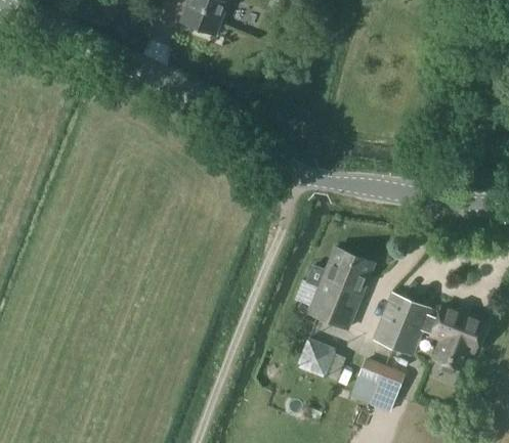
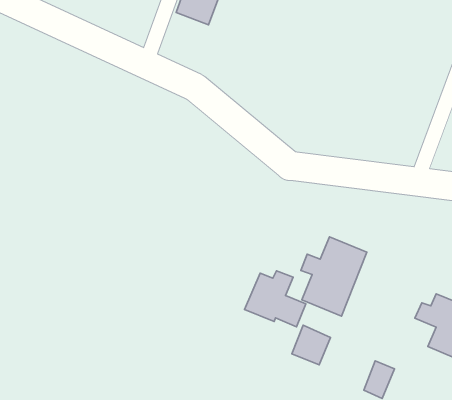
building: none -> [244,271,306,327]
building: [375,293,431,354] -> none
building: [352,365,382,402] -> none

